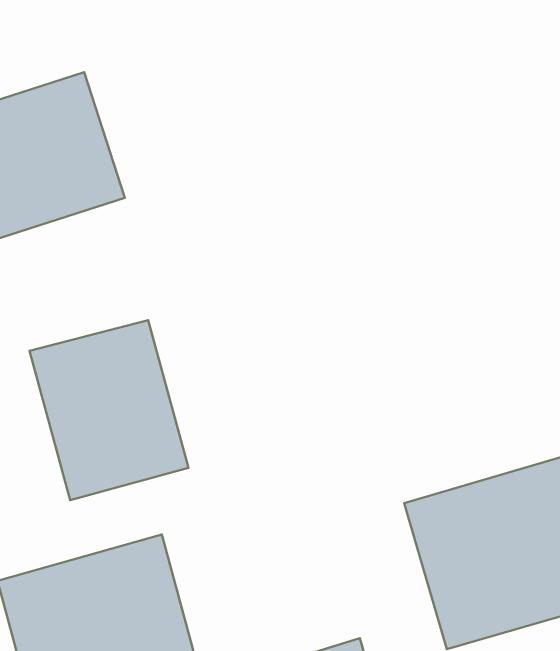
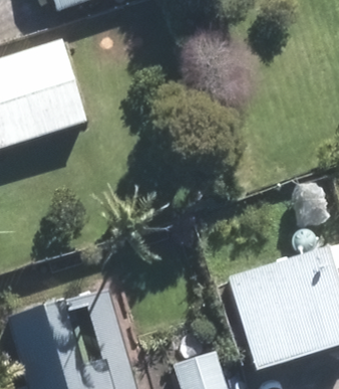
building: [29,320,188,500] -> none

